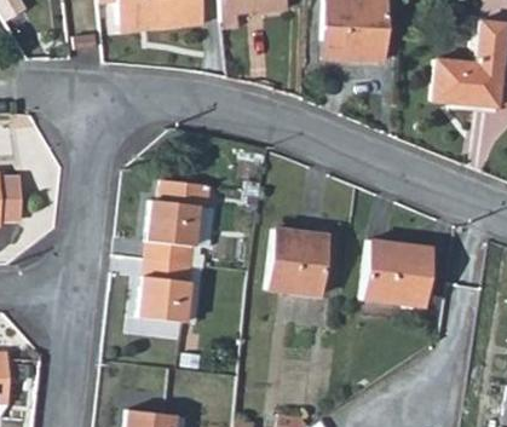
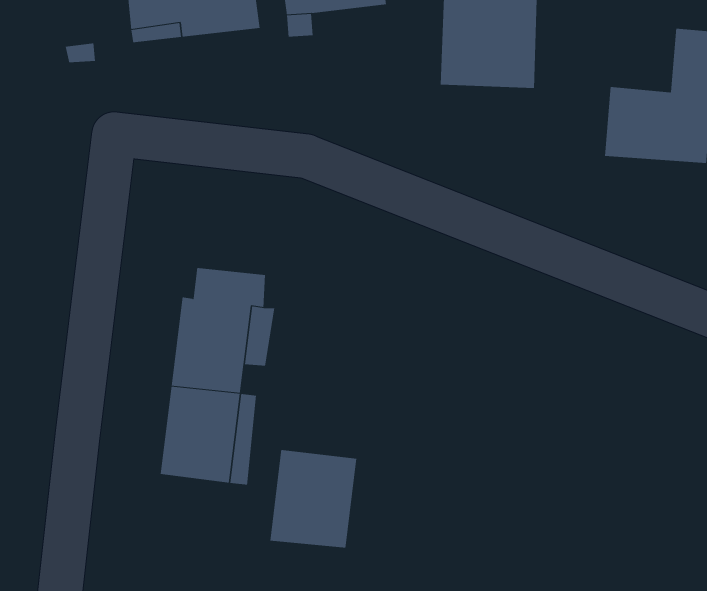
building: [269,226,327,292] -> [269,449,357,548]
building: [364,240,428,304] -> none

